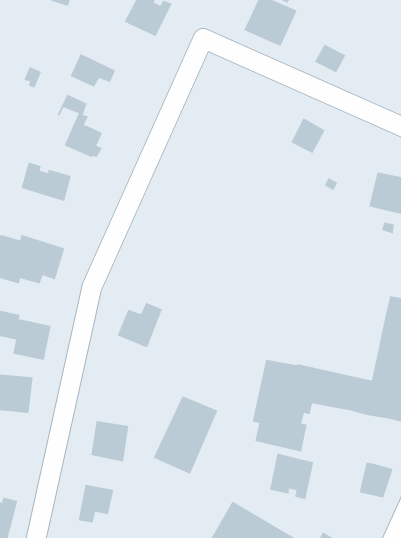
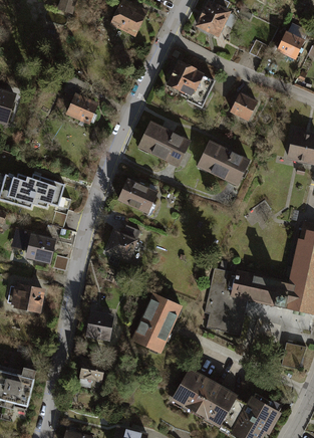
building: none -> [277,32,302,59]
building: [70,53,116,88] -> none
building: none -> [166,60,213,104]
building: none -> [138,122,189,164]
building: [21,161,71,202] -> none
building: none -> [198,141,249,184]
building: none -> [117,179,155,212]
building: [270,453,314,500] -> none

